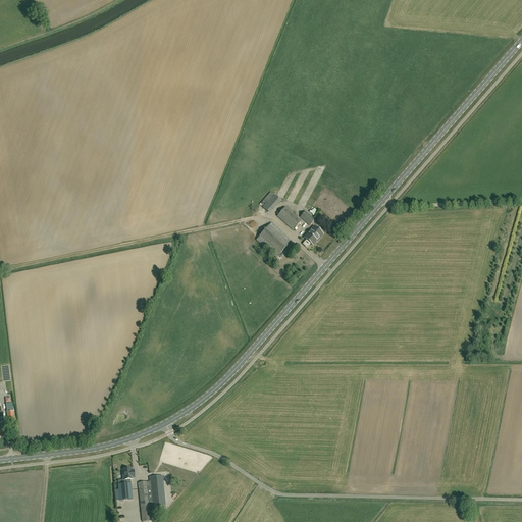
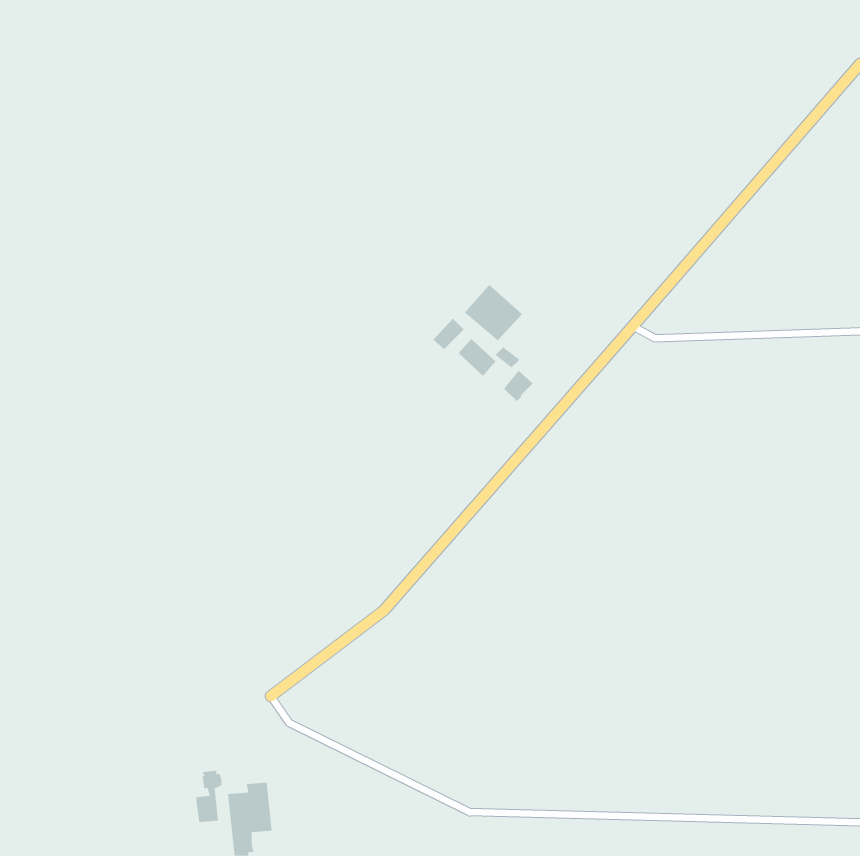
building: [256,221,292,256] -> [464,284,523,341]

